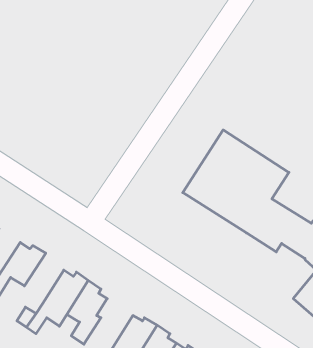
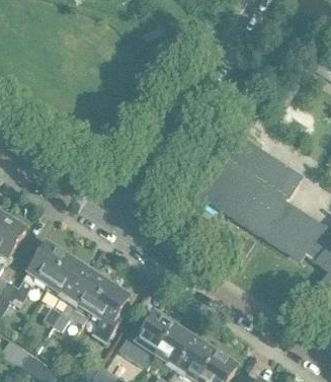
building: none -> [50,253,87,302]

